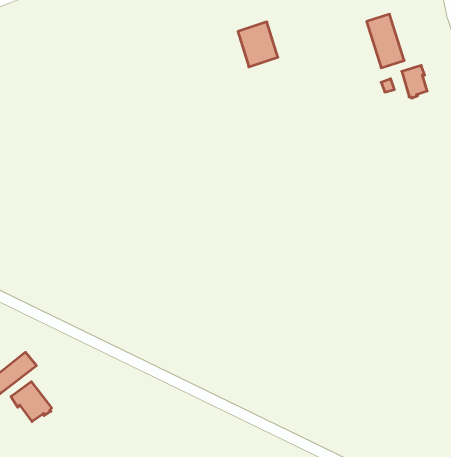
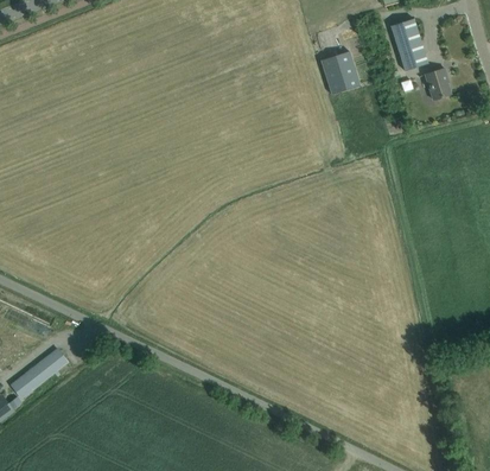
building: [238,22,278,67] -> [320,50,359,94]
building: [11,382,52,422] -> none

